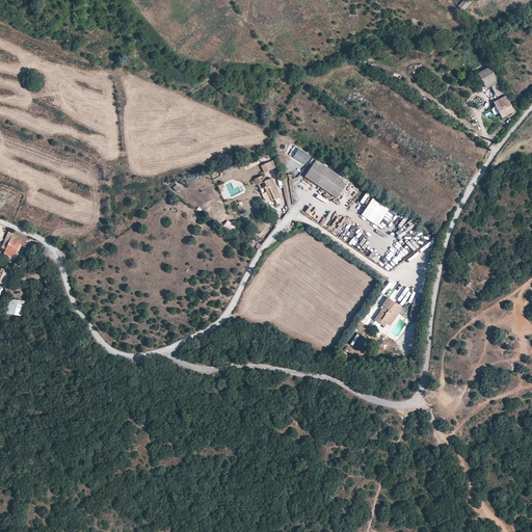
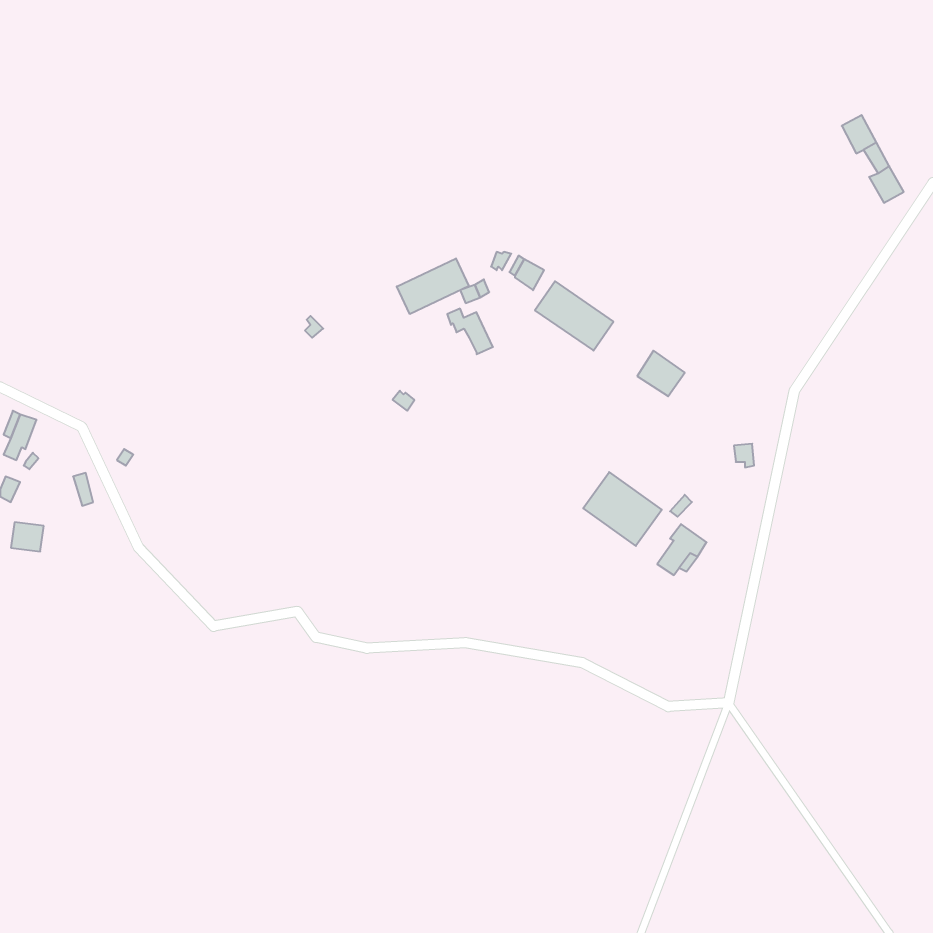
building: none -> [397,258,469,314]
building: none -> [583,472,662,546]

